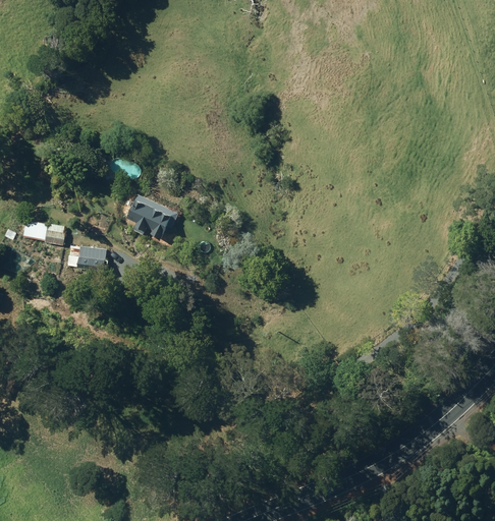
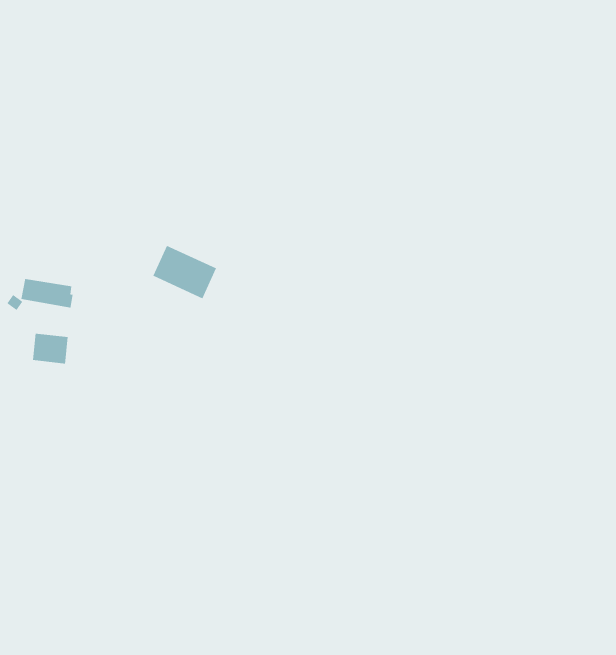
building: [77,247,106,272] -> [32,333,68,364]

